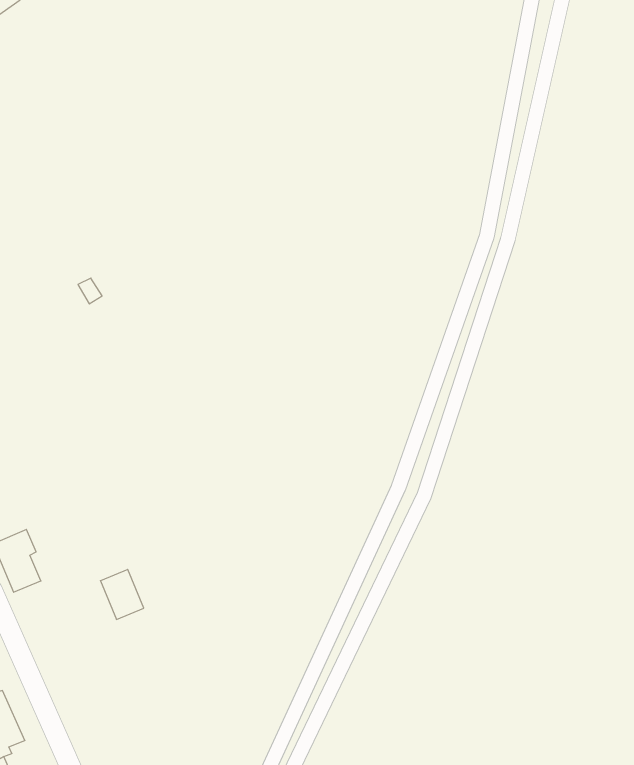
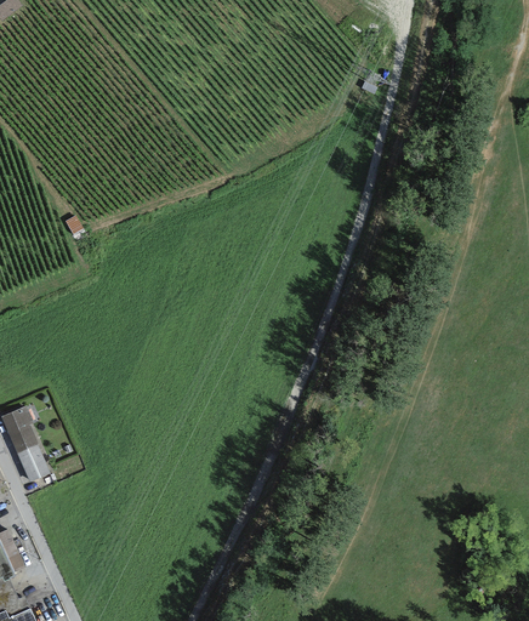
building: [100,569,144,619] -> [16,444,49,482]

